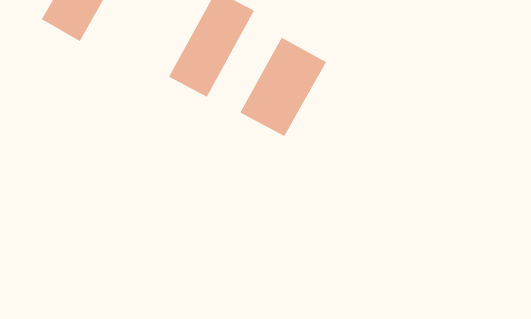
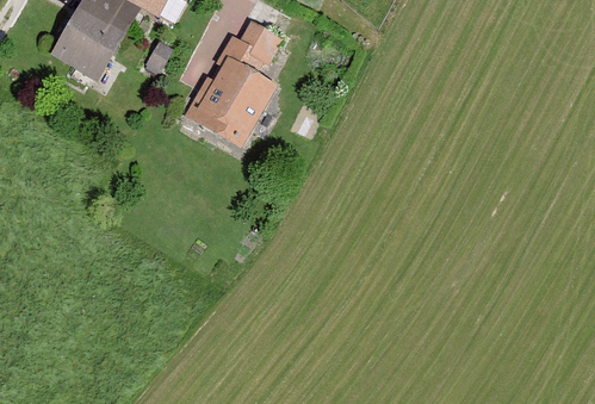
building: [240,37,327,137] -> none

